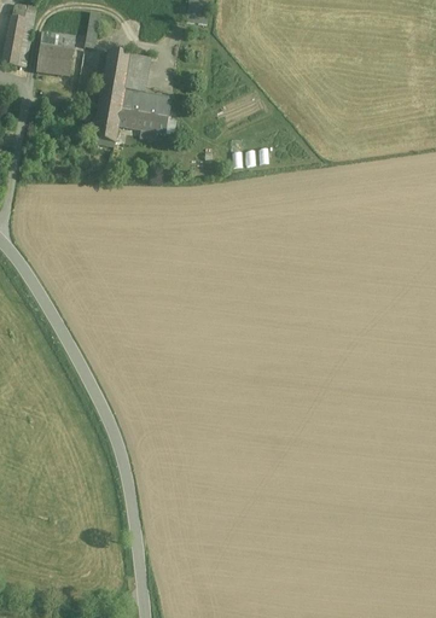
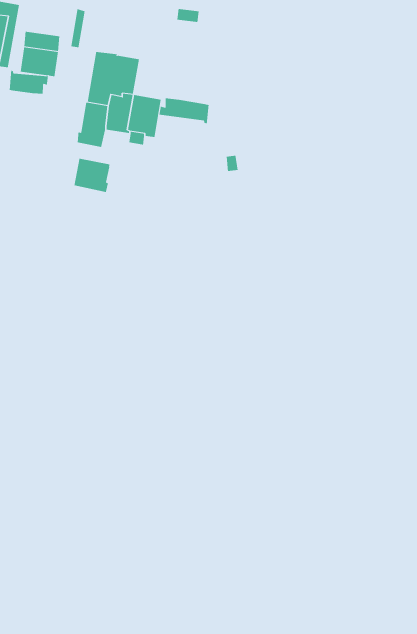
building: none -> [9,70,48,94]
building: none -> [159,98,209,124]
building: none -> [74,158,110,193]

